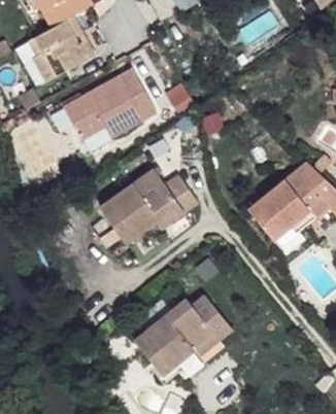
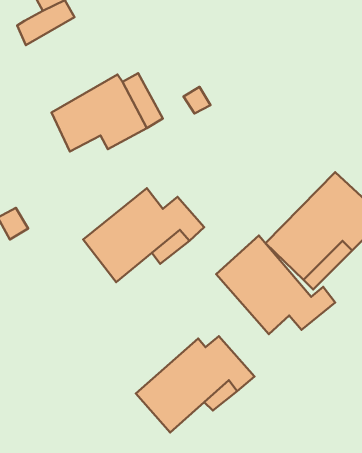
building: [37,27,94,77] -> none
building: none -> [216,235,335,334]

